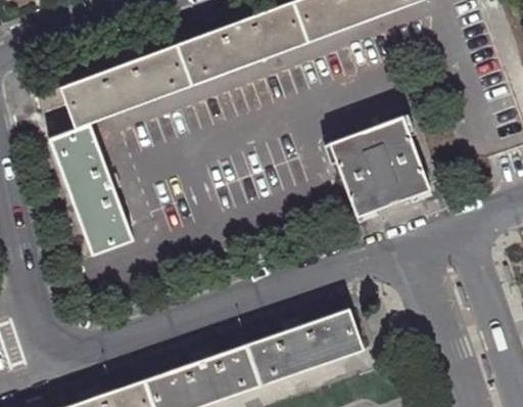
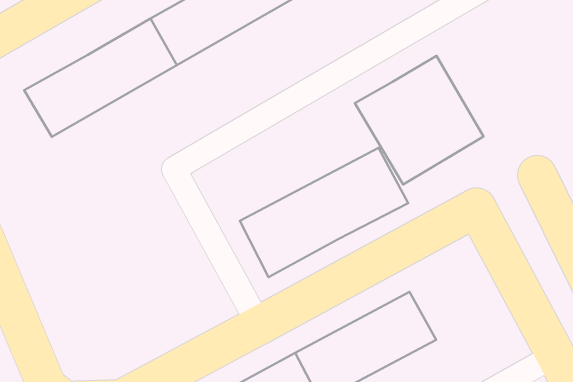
building: [50,125,133,255] -> none
building: none -> [240,148,408,277]

